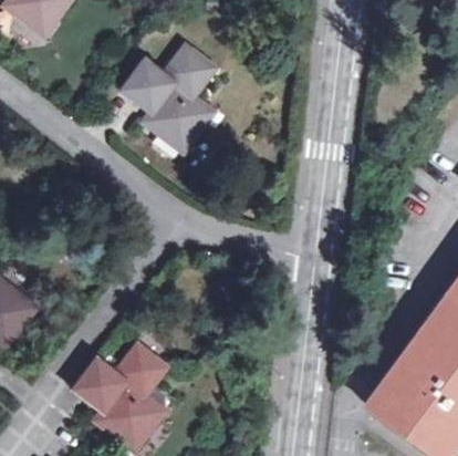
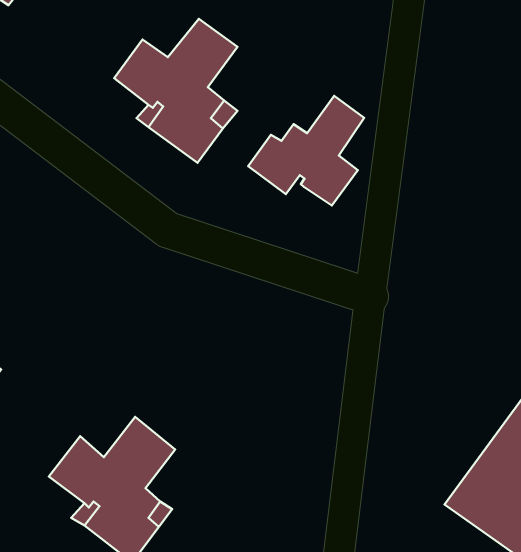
building: none -> [248,96,364,206]

